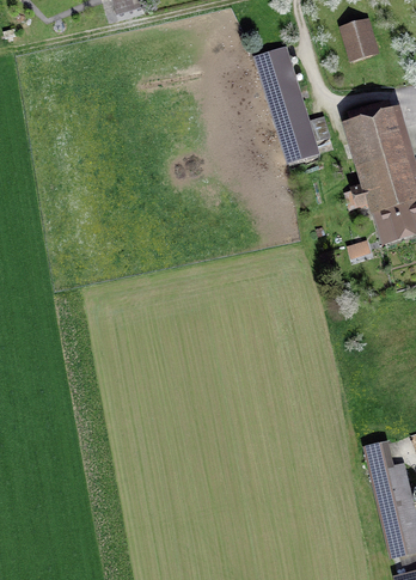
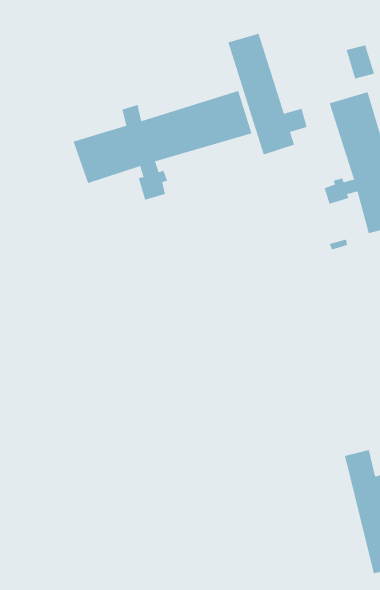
building: [344,24,372,56] -> [346,45,375,79]
building: none -> [73,90,252,201]

